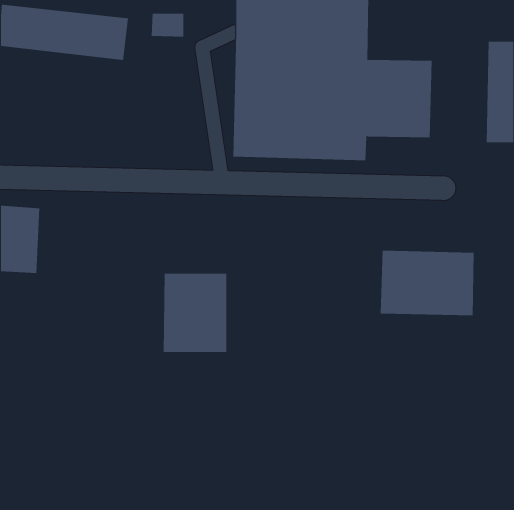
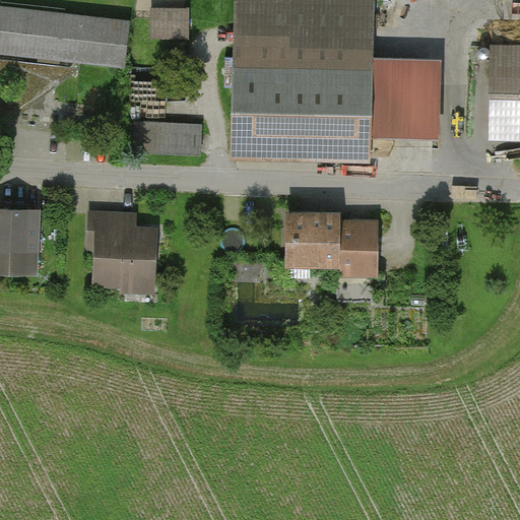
building: none -> [130,125,202,158]
building: [380,250,474,316] -> [281,214,377,280]
building: [163,273,227,353] -> [89,209,154,289]

